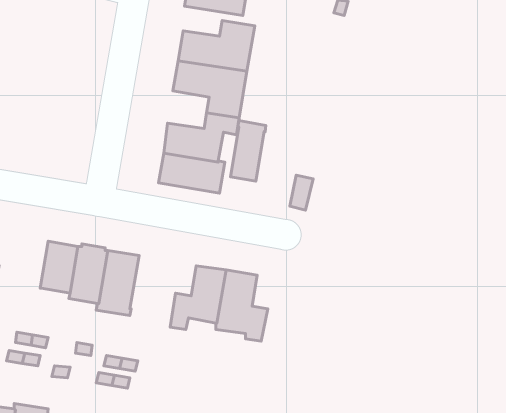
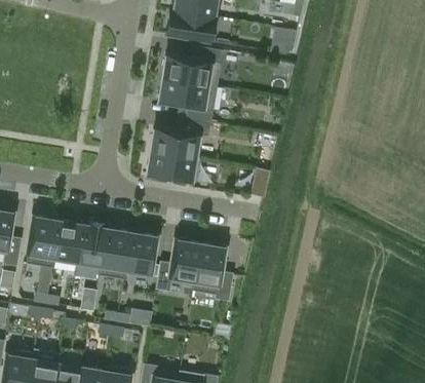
building: [231,121,266,181] -> none
building: none -> [27,218,60,268]
building: none -> [124,233,156,279]

